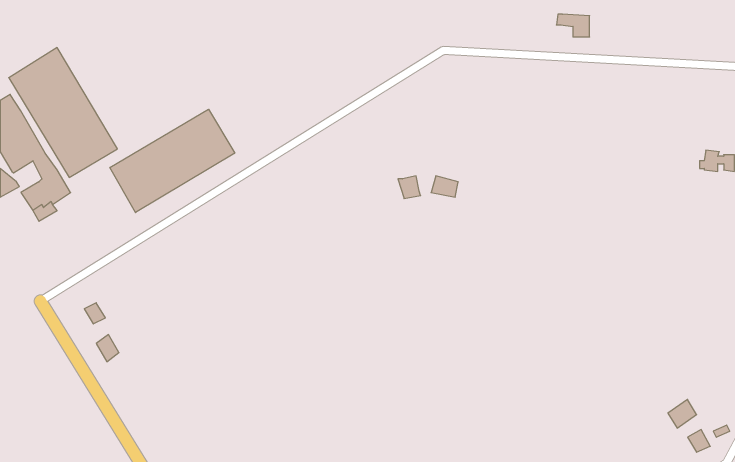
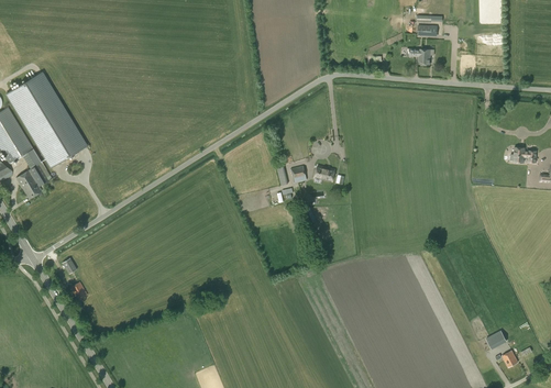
building: [110,109,235,213] -> none

